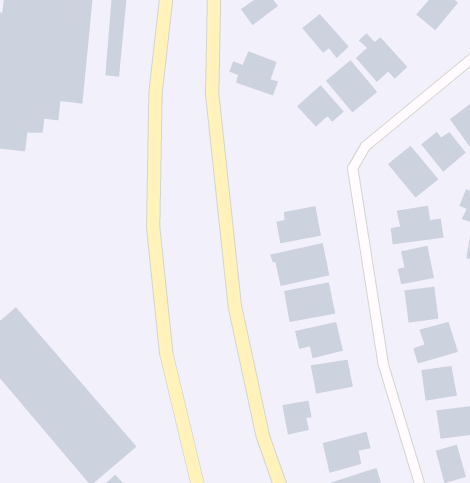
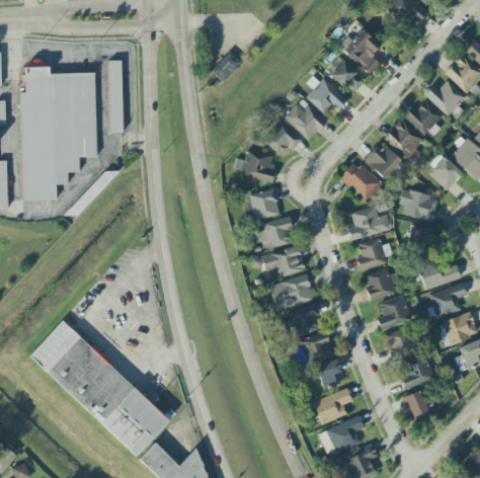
building: [301,13,350,59] -> [325,57,365,91]
building: [228,51,279,96] -> [234,149,274,182]
building: none -> [244,188,279,222]
building: [282,400,312,435] -> [316,360,341,389]

